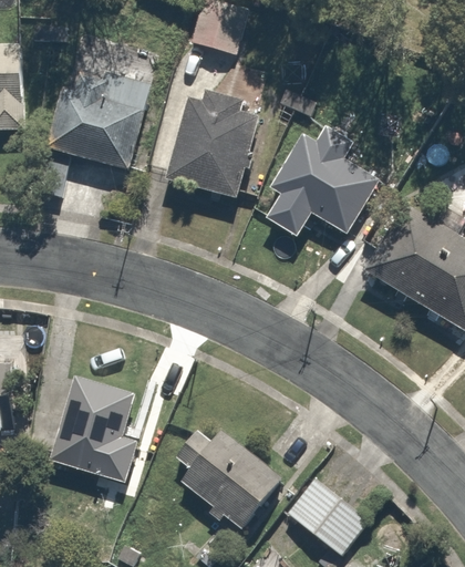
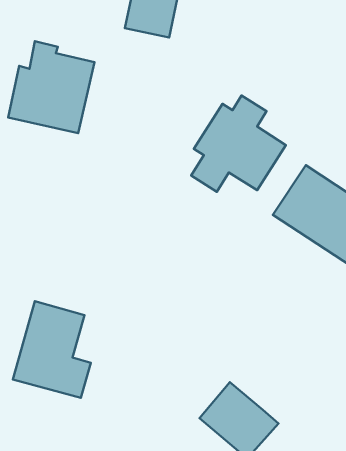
building: [163,92,261,200] -> none
building: [171,415,283,532] -> none

